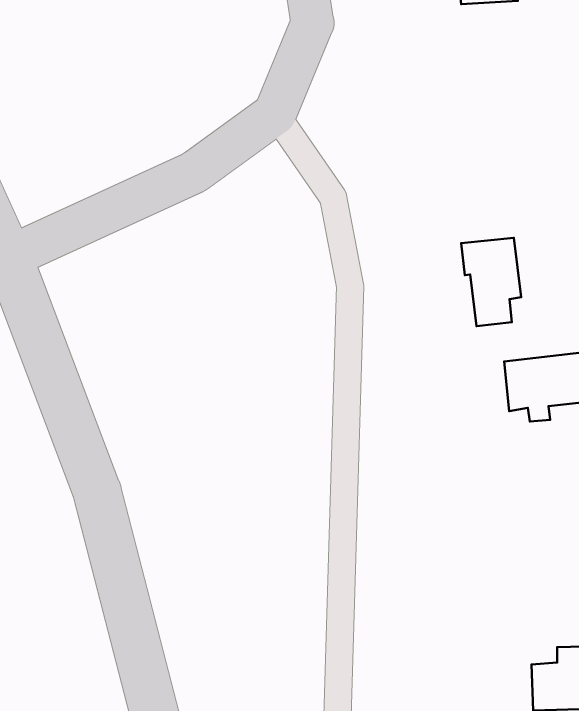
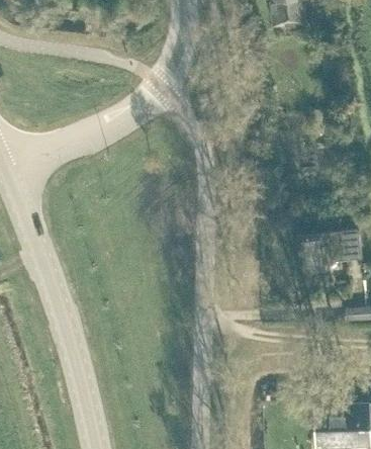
building: [461,238,521,326] -> none

